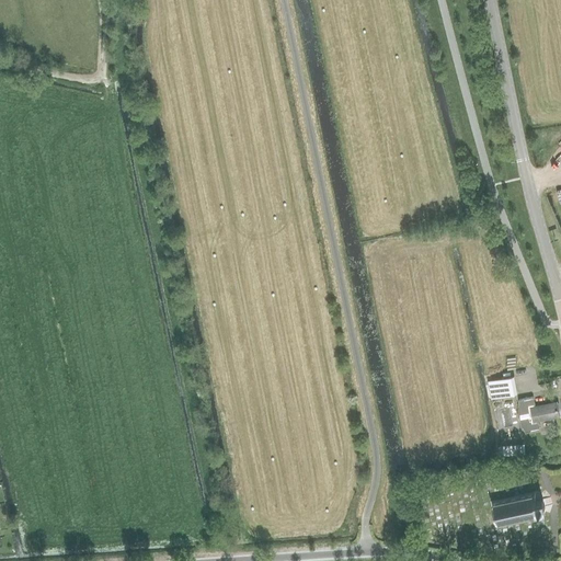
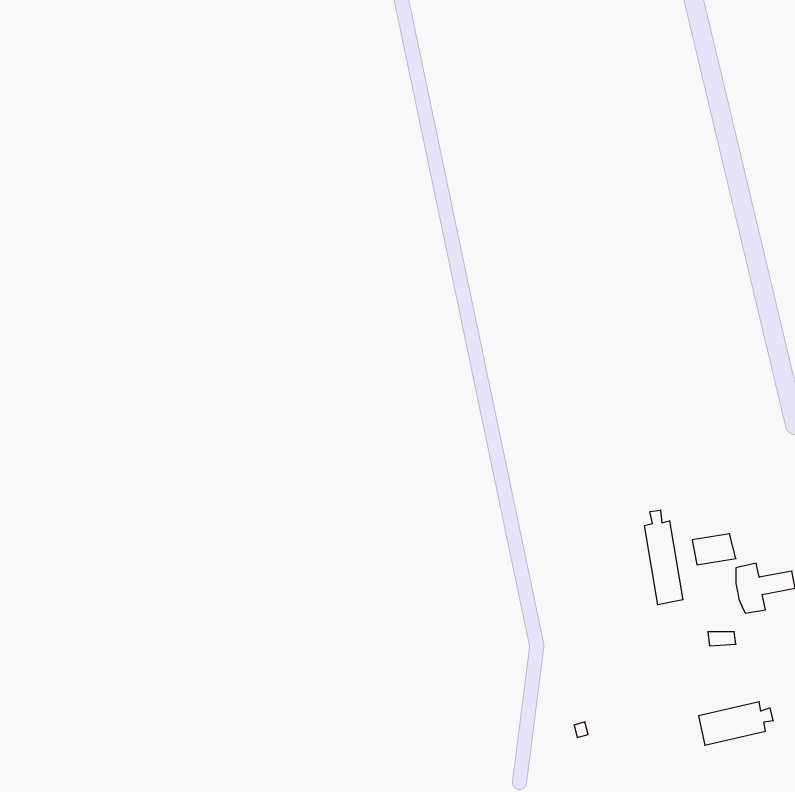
building: none -> [645,510,683,605]

